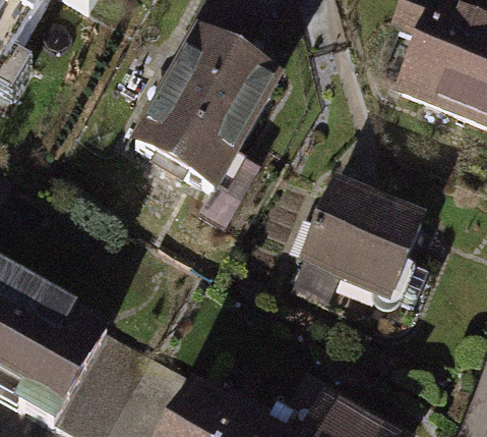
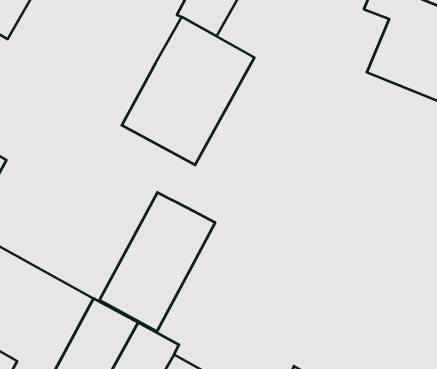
building: [301,185,421,293] -> none
building: none -> [100,192,215,331]

